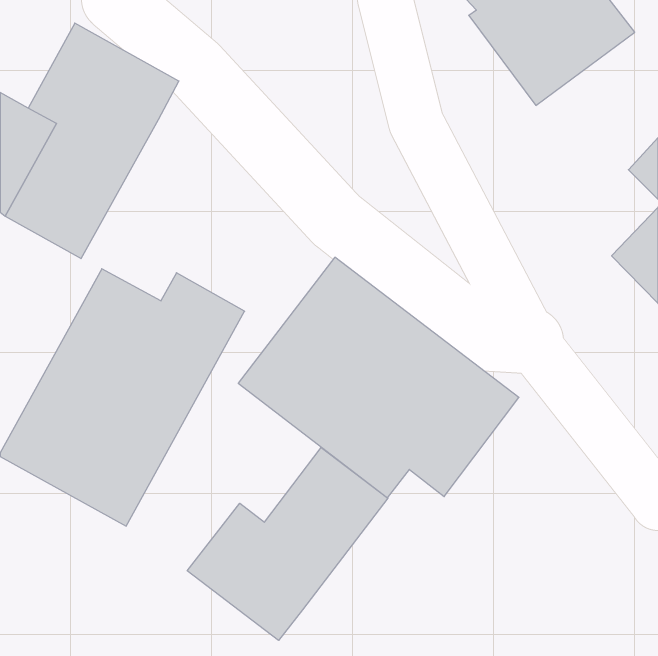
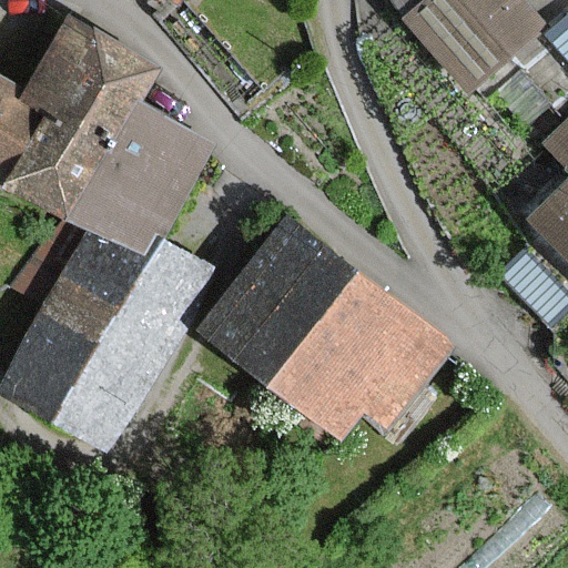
building: none -> [70,103,212,260]
building: [187,448,388,640] -> none

